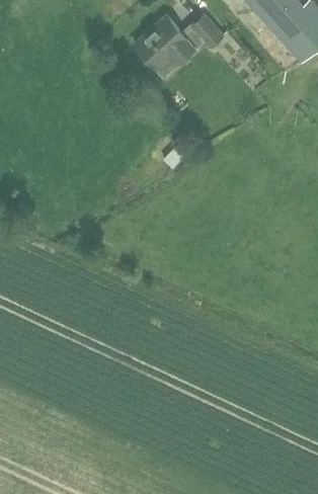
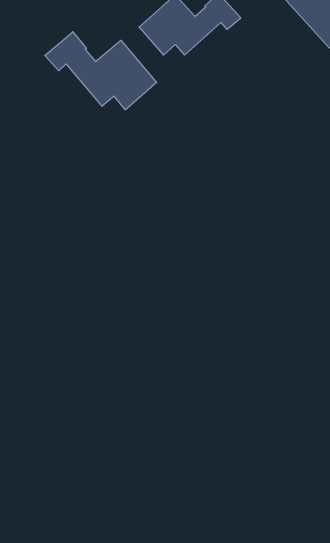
building: none -> [45,32,157,110]

